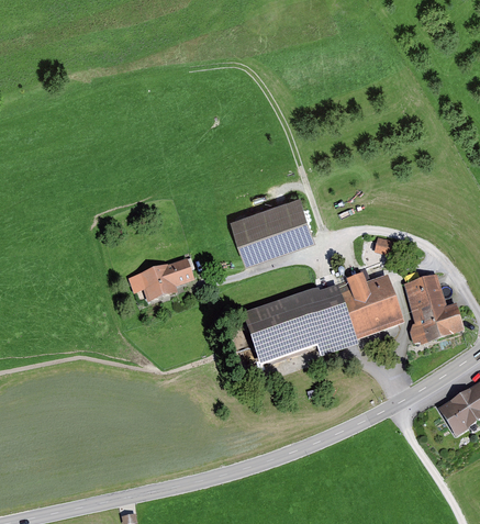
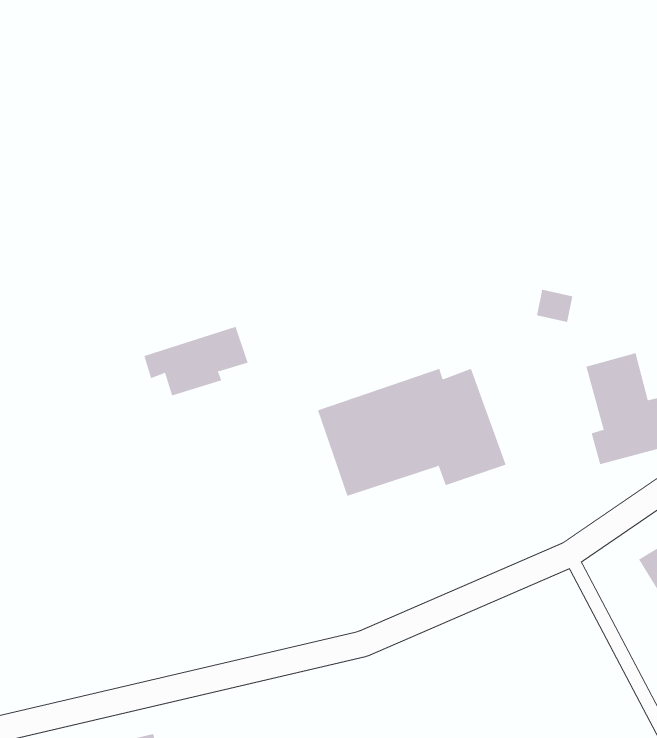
building: [230,193,315,263] -> none
building: [341,271,403,339] -> none

